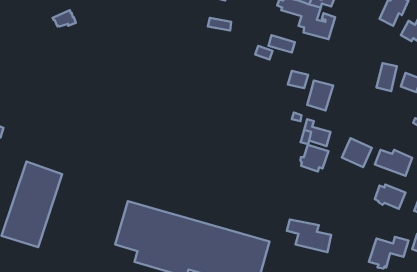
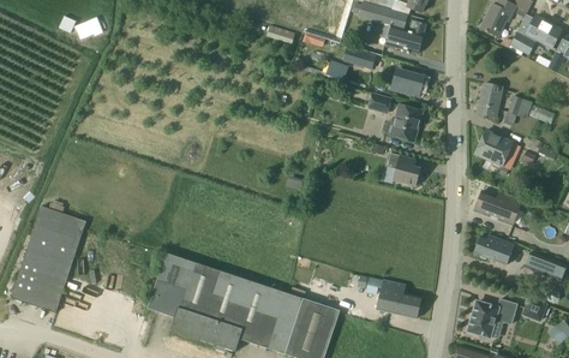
building: none -> [390,68,424,96]
building: [342,138,372,167] -> [474,130,511,166]
building: [301,145,328,172] -> none

